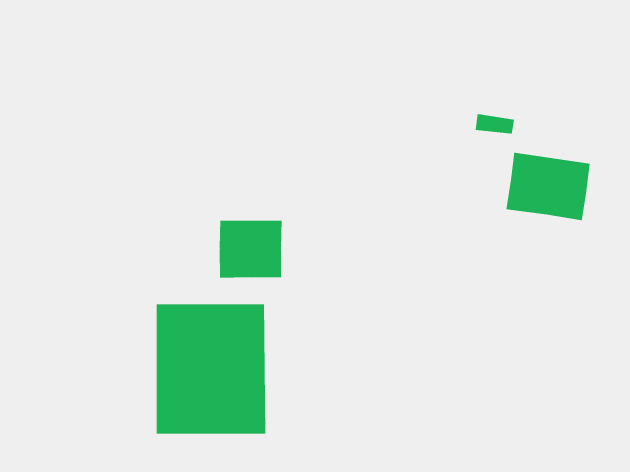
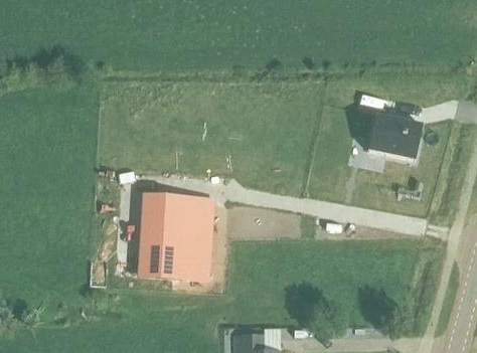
building: [219,220,282,278] -> none

